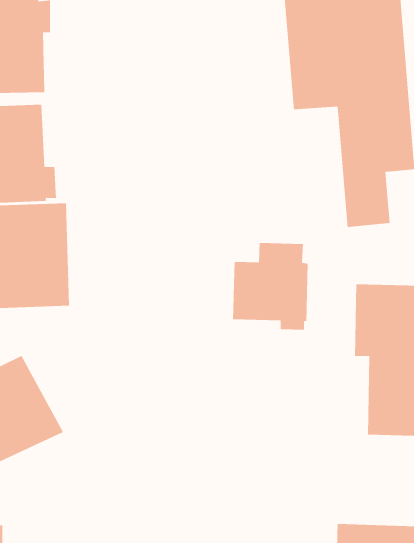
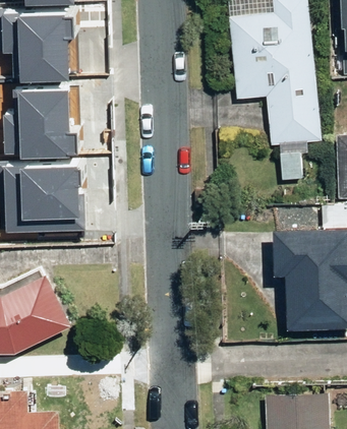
building: [233,242,308,330] -> none

